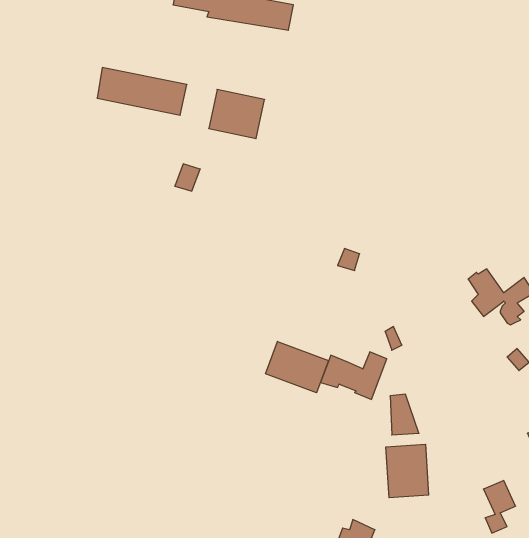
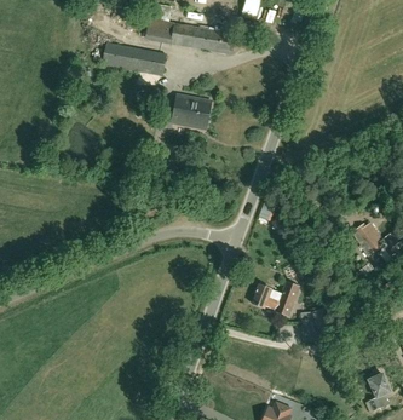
building: [97,68,187,115] -> [103,42,167,76]
building: [265,341,328,393] -> none
building: [386,444,429,498] -> none

